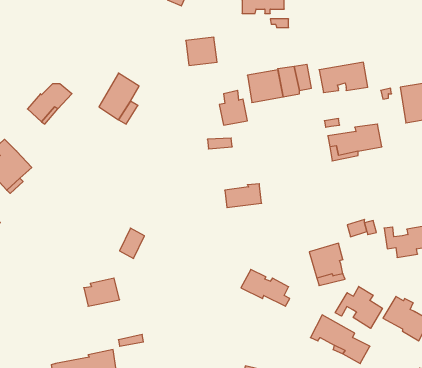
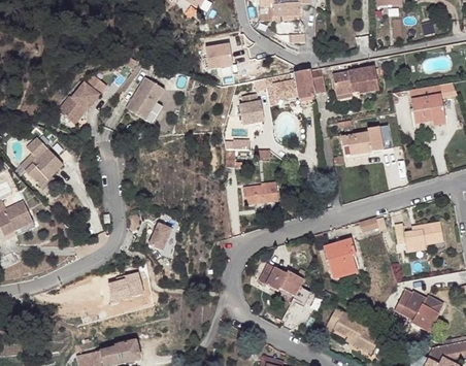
building: [335,286,382,328] -> none

